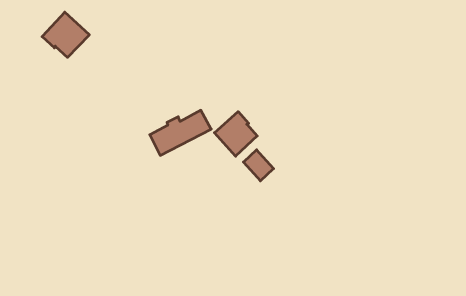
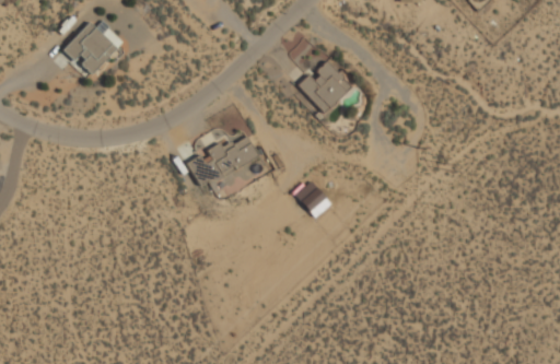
building: none -> [299,60,353,111]
building: [214,112,257,156] -> none

